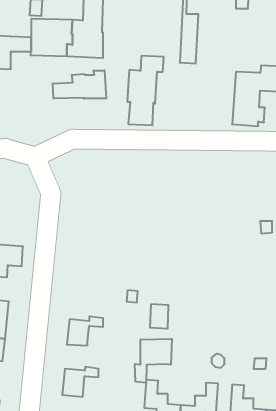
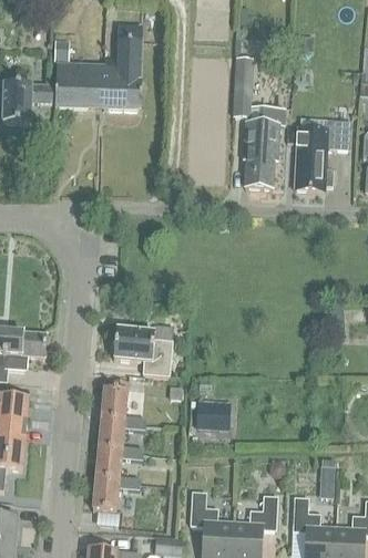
building: [127,56,164,125] -> [243,105,286,187]
building: [53,70,106,99] -> none
building: none -> [113,324,174,378]
building: none -> [101,379,127,422]
building: [135,339,172,383] -> none
building: none -> [95,446,139,481]

